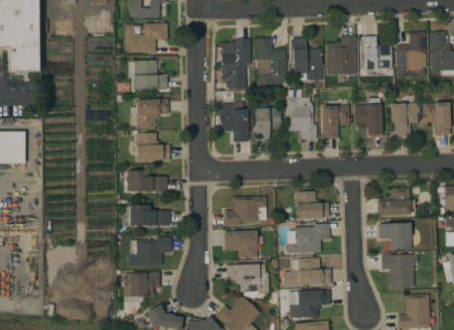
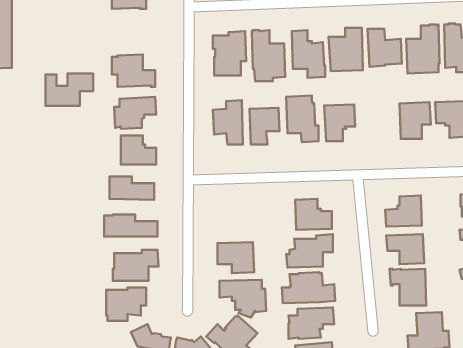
building: [124,23,167,52] -> [45,73,93,106]
building: [354,105,381,137] -> none
building: [224,196,266,225] -> none

